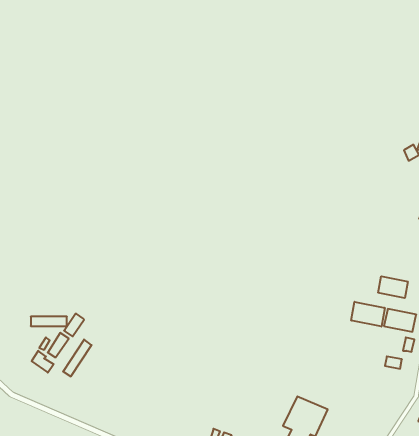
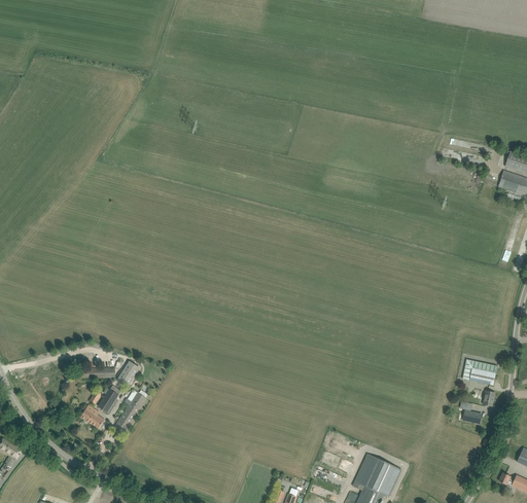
building: [378,276,408,298] -> none
building: [351,302,385,327] -> none

